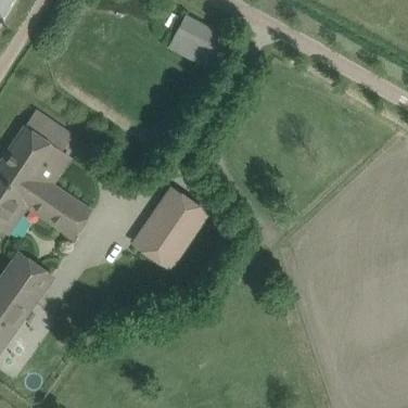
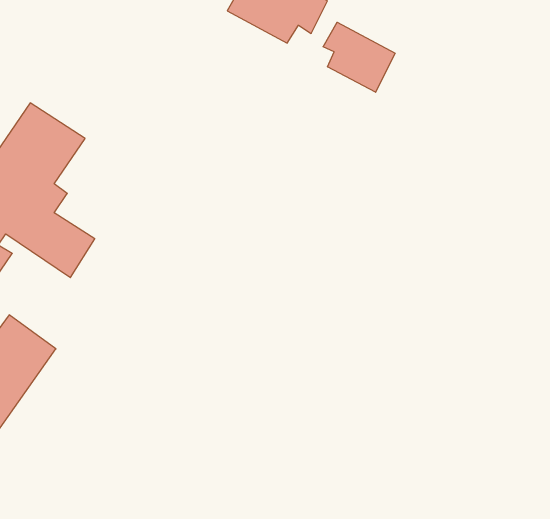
building: none -> [323,22,395,92]
building: [132,184,211,269] -> none

